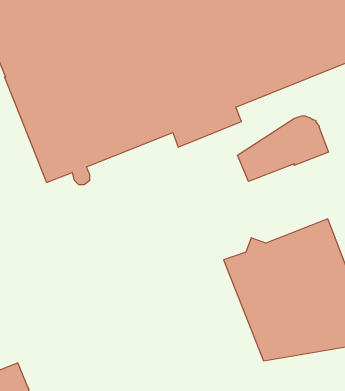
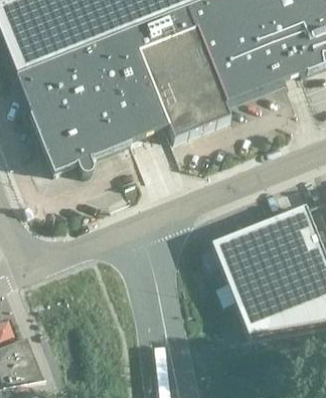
building: [238,116,328,181] -> none

